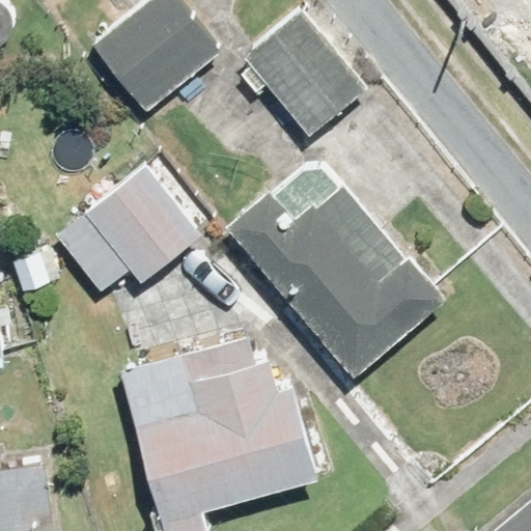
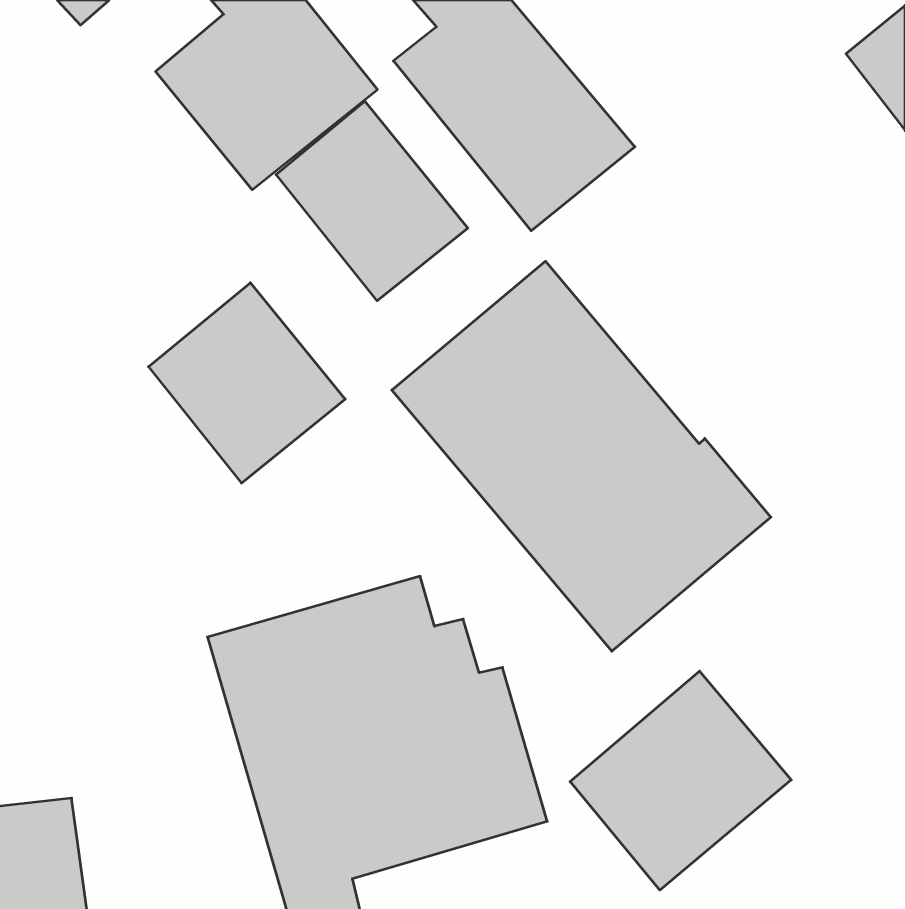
building: none -> [276,101,468,301]
building: none -> [570,671,791,890]

